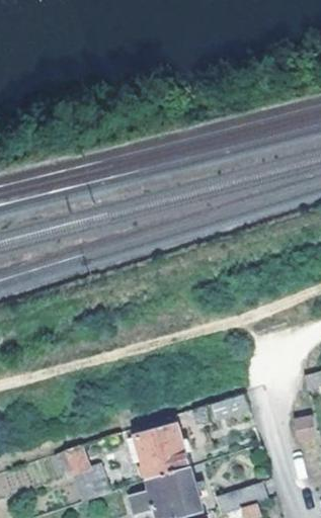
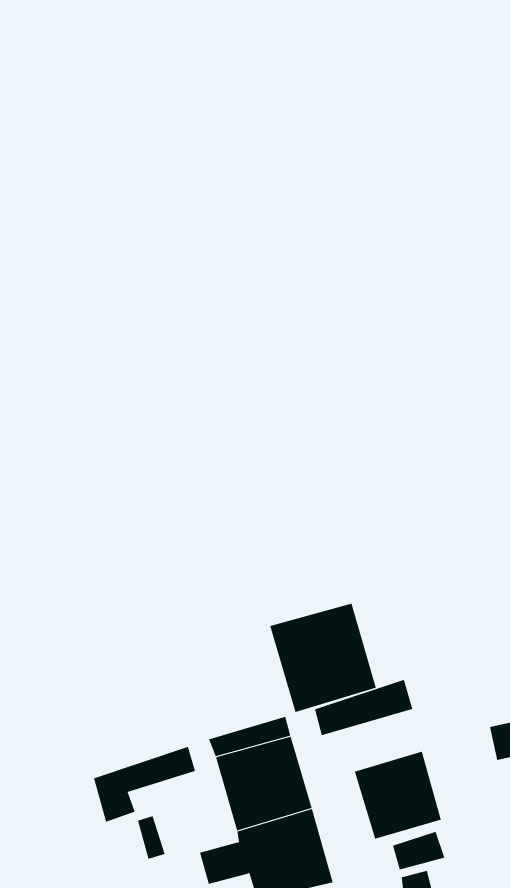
building: none -> [269,603,376,713]
building: none -> [354,751,441,839]

